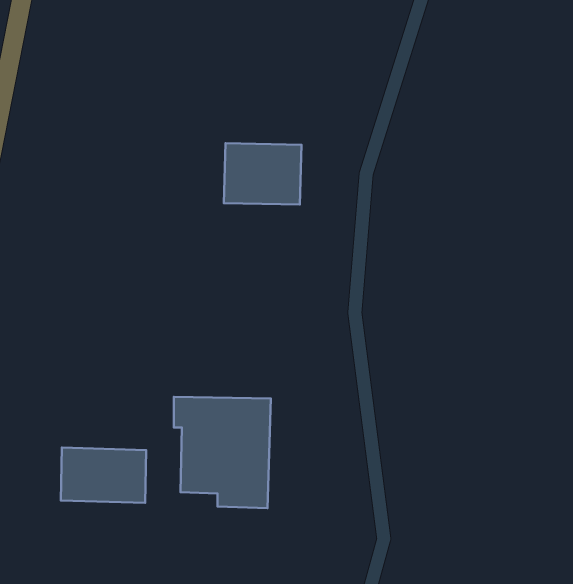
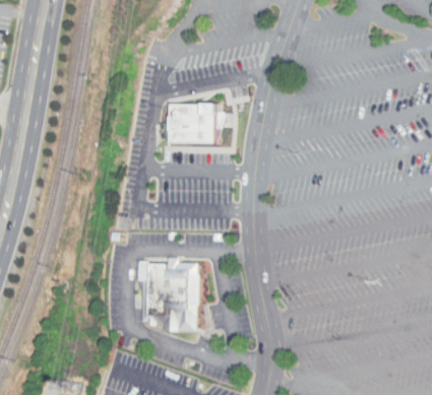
building: [61,448,146,503] -> none

